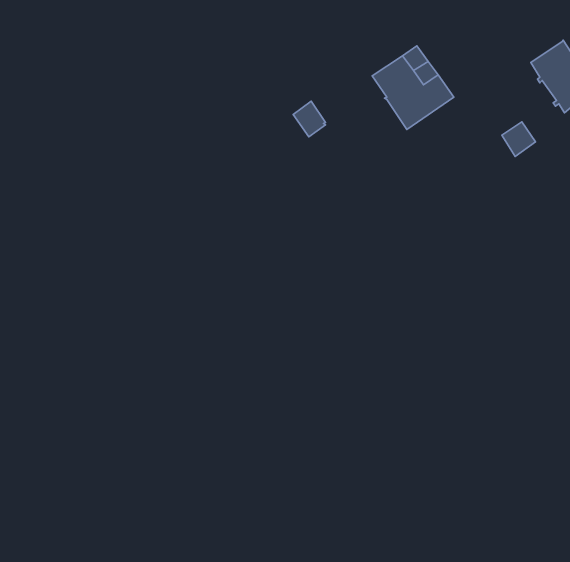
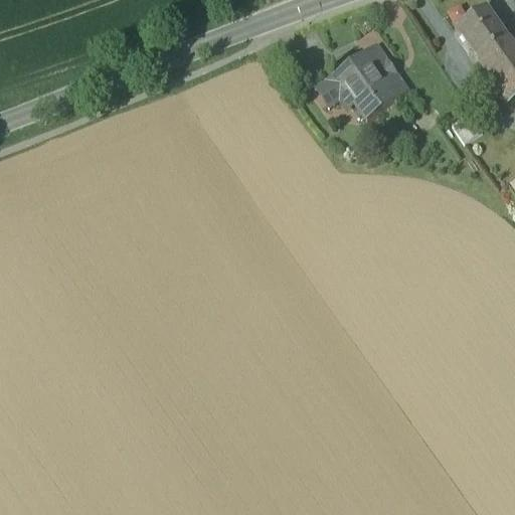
building: none -> [458,5,507,56]
building: [293,101,326,137] -> [320,68,349,101]

